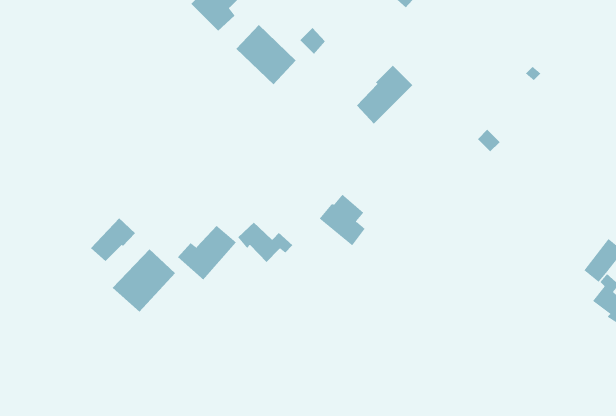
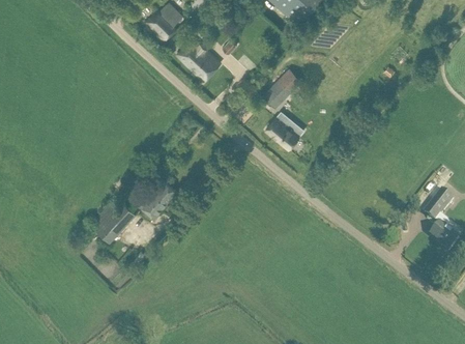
building: [319,194,366,246] -> [265,112,298,149]
building: [90,217,136,262] -> none
building: [238,222,293,263] -> none

